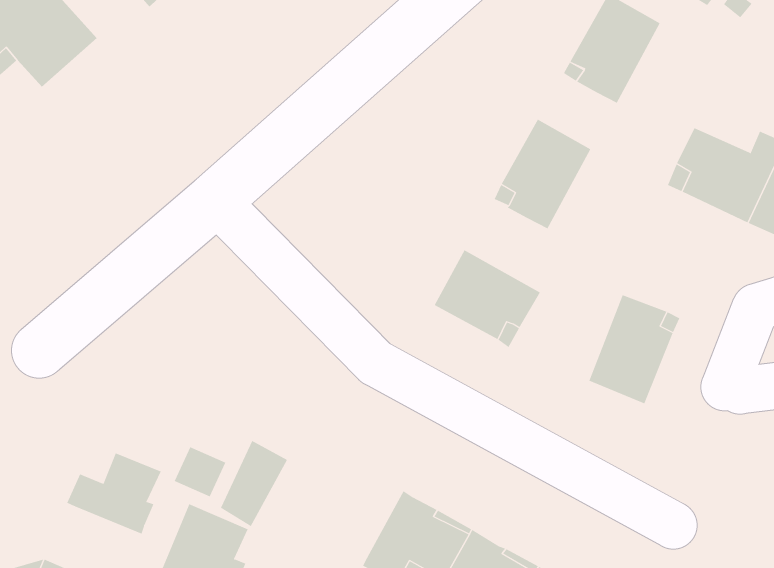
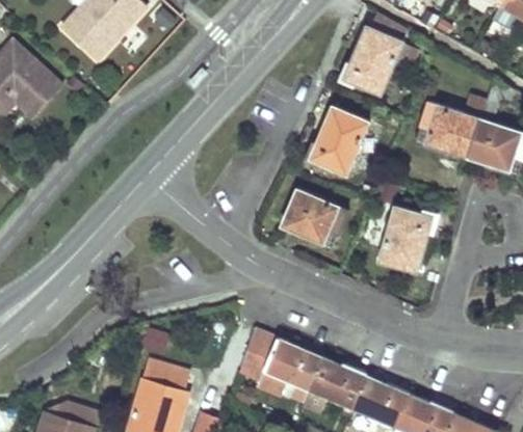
building: [220,440,288,527] -> [239,329,277,381]
building: [67,452,162,535] -> none

